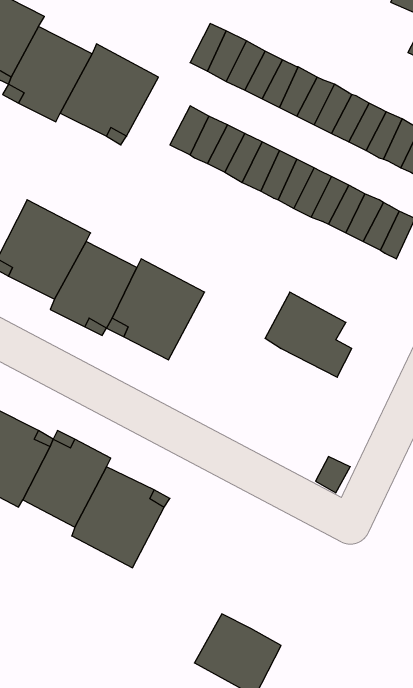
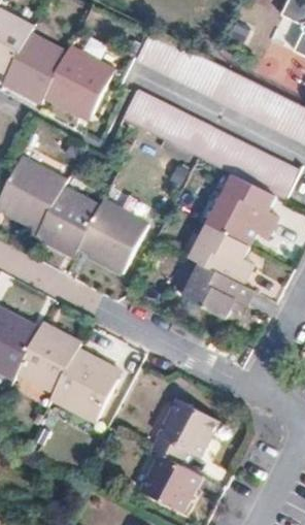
building: none -> [207,189,276,244]
building: none -> [183,263,251,317]
building: none -> [150,398,218,463]

